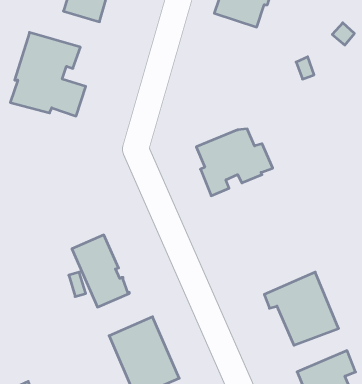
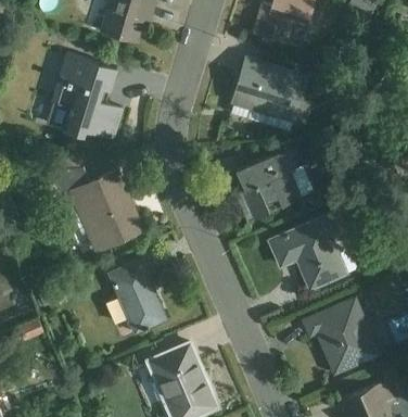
building: none -> [230,59,314,131]
building: none -> [49,157,142,252]
building: none -> [269,214,356,290]

